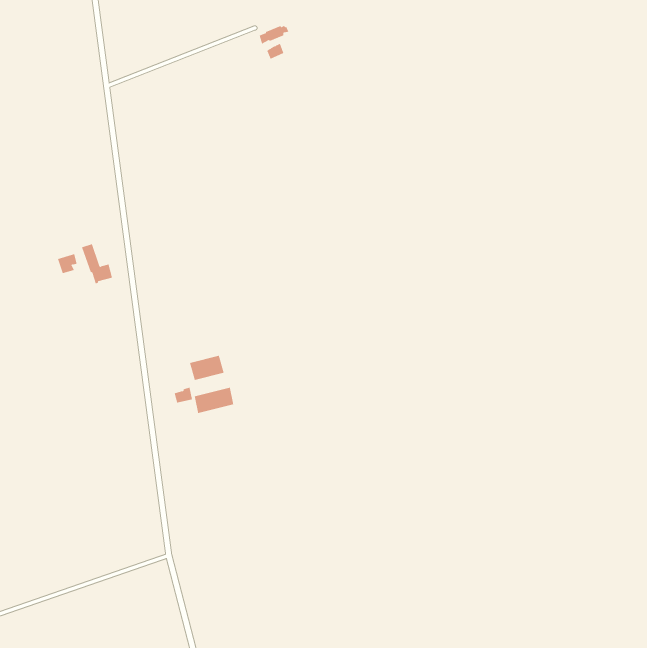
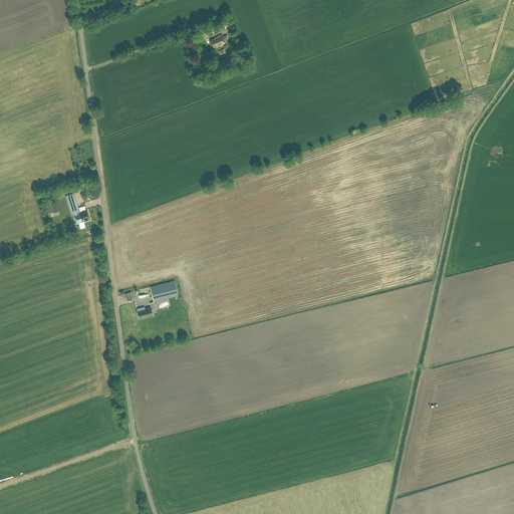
building: [194,387,234,414] -> none

